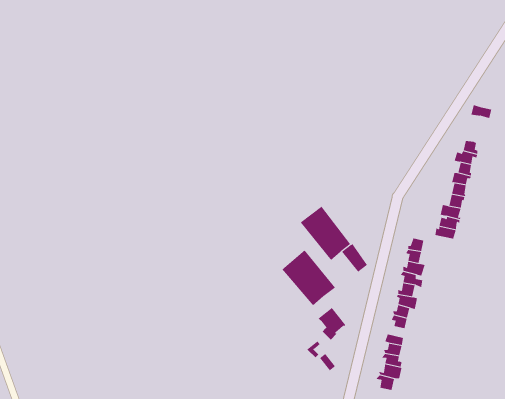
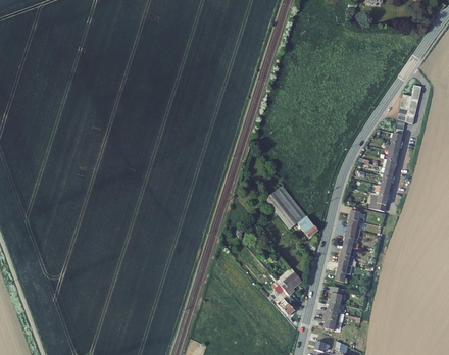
building: [282,250,336,306] -> none

